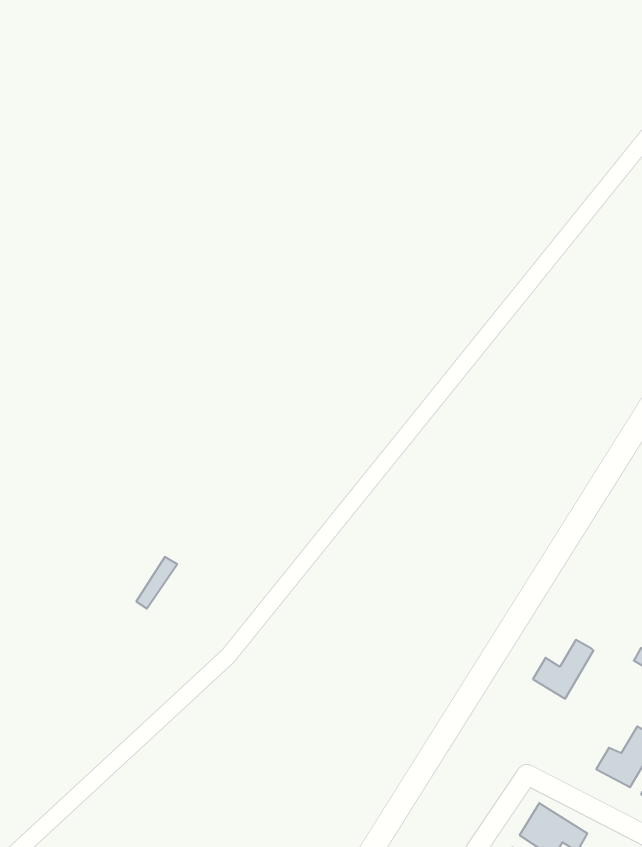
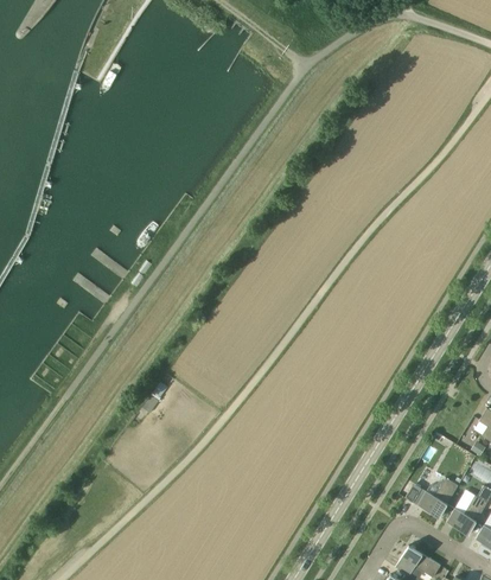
building: [533,640,594,699] -> [417,478,458,517]

